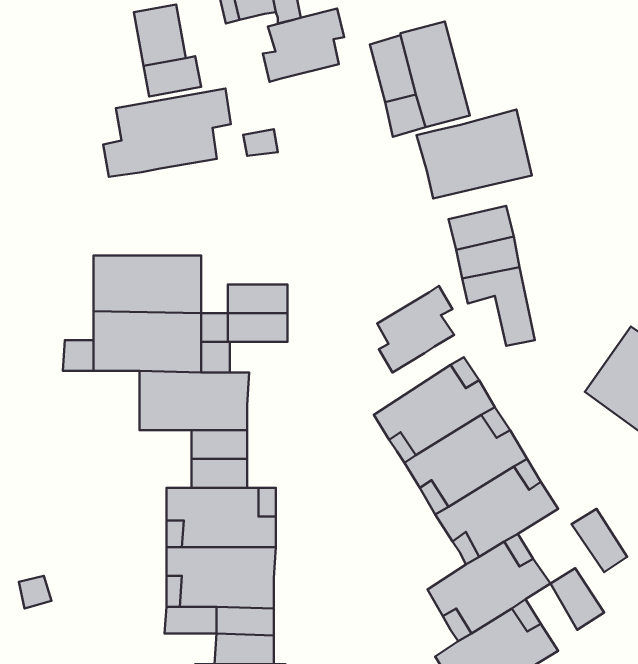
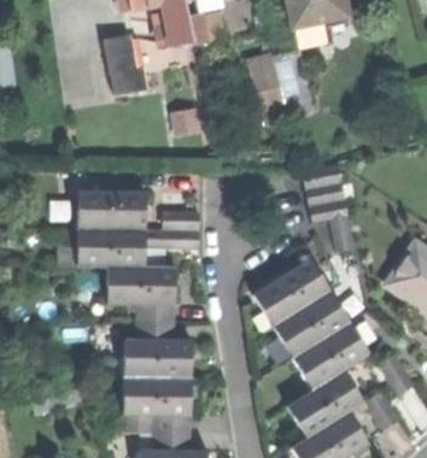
building: [263,9,344,82] -> none
building: [103,88,231,177] -> none
building: [416,109,532,198] -> none
building: [377,286,454,372] -> none

